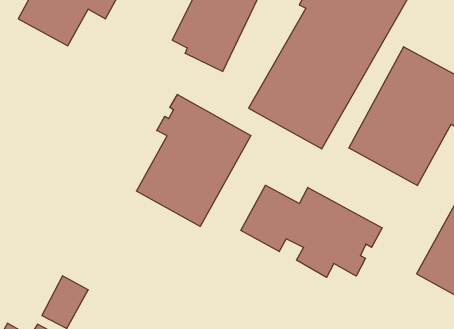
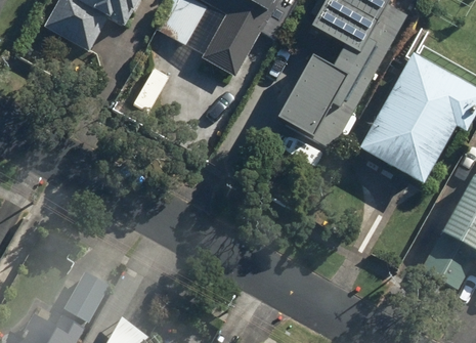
building: [136,94,251,226] -> none
building: [241,185,382,277] -> none

